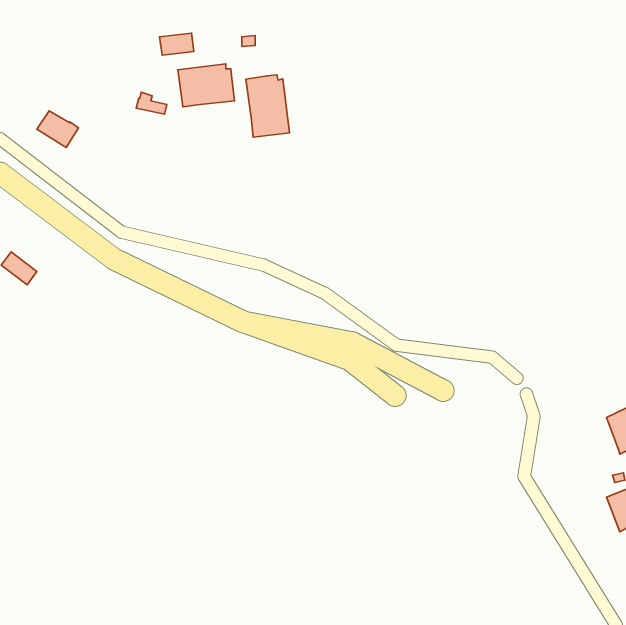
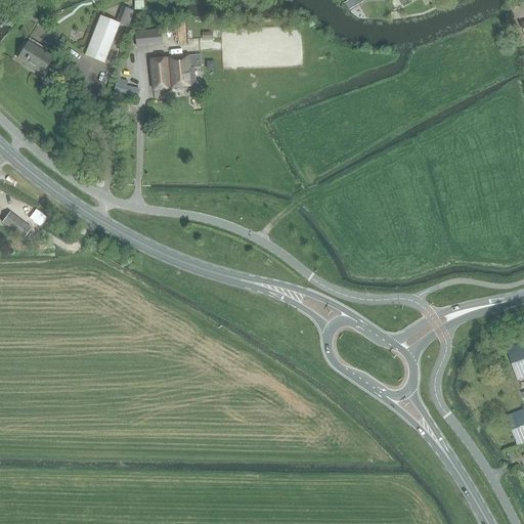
building: none -> [85,15,119,60]
building: [246,75,289,137] -> none
building: [37,111,79,148] -> [18,42,53,73]

